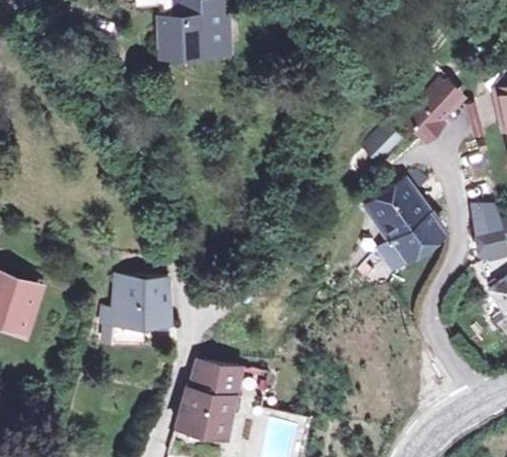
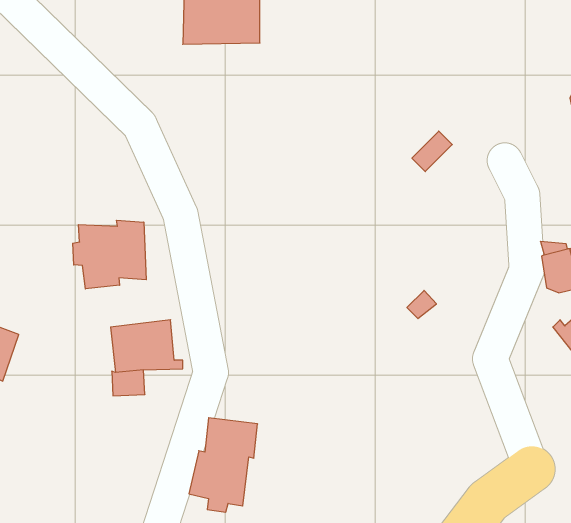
building: [414,81,463,131] -> none
building: [365,182,443,269] -> none
building: none -> [73,220,146,289]

